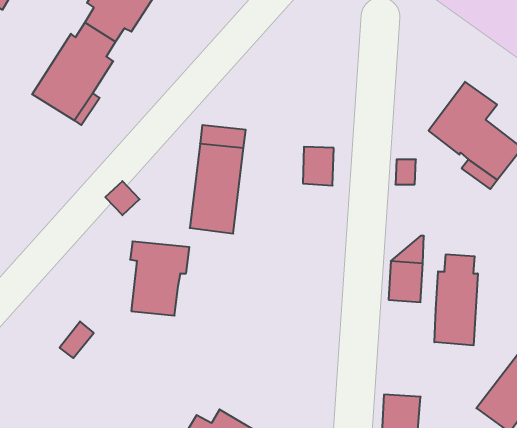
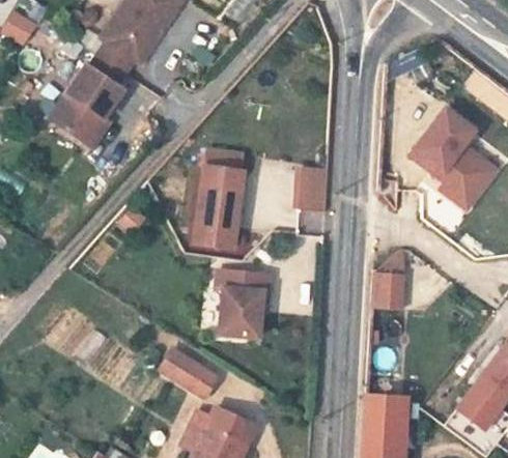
building: [130,241,189,316] -> [217,270,271,338]
building: [434,254,478,345] -> none
building: none -> [165,353,216,398]

